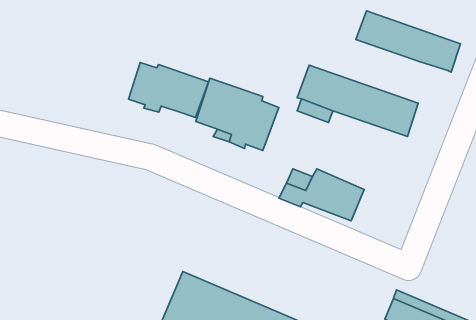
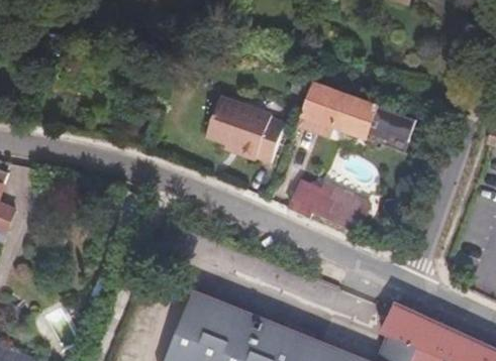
building: [356,11,461,72] -> none
building: [129,63,209,118] -> none

